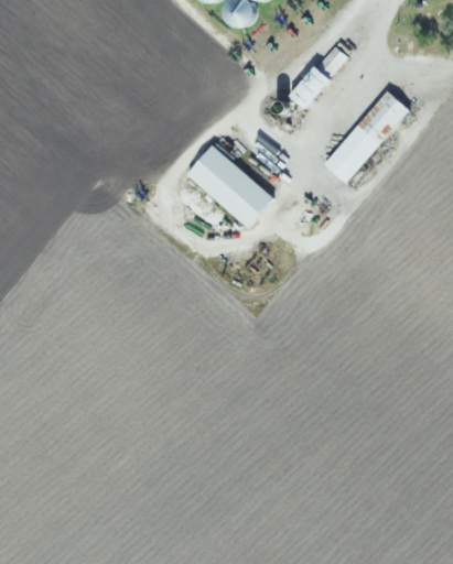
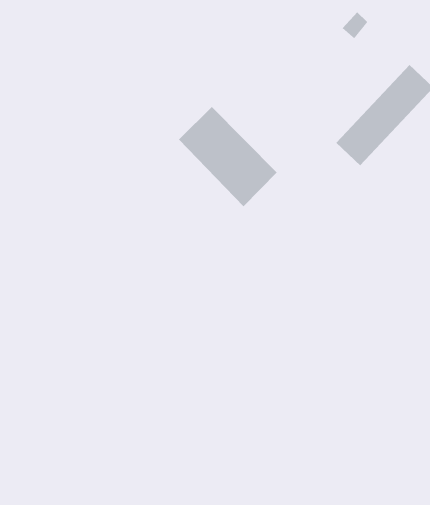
building: [289,64,333,110] -> none

